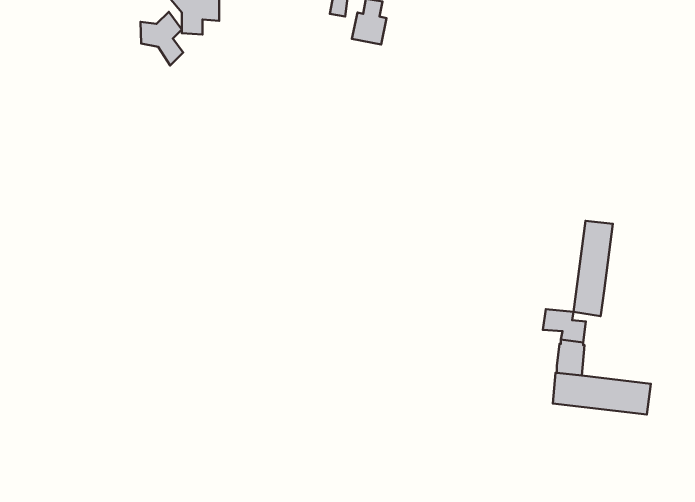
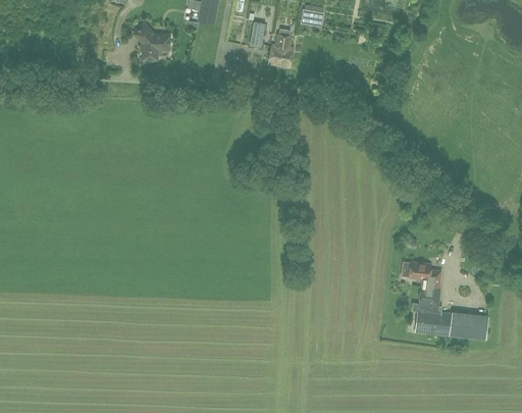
building: [140,12,183,66] -> none
building: [573,221,613,316] -> none

